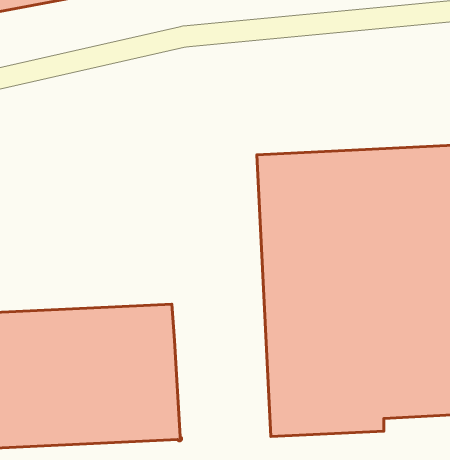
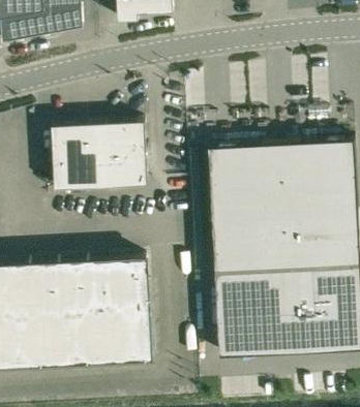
building: none -> [51,121,147,189]

